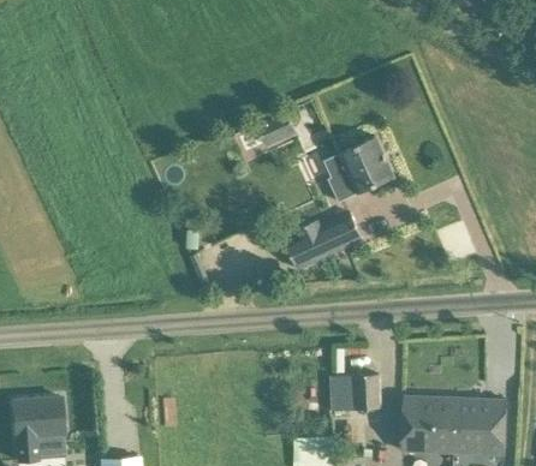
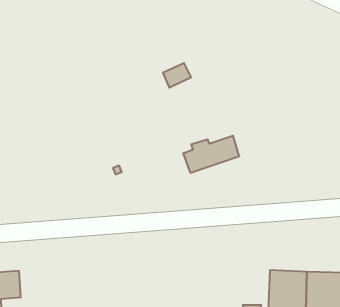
building: [323,137,393,203] -> none
building: [332,375,380,412] -> none

